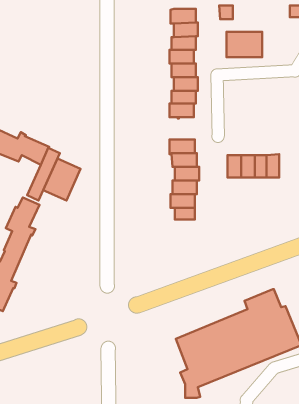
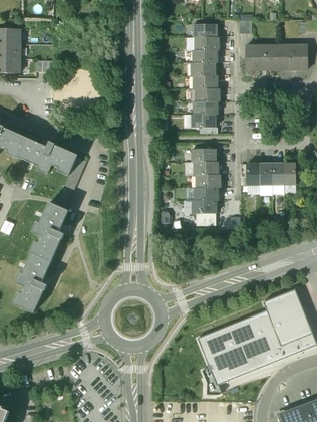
building: none -> [280,44,308,69]
building: [43,158,81,201] -> none

